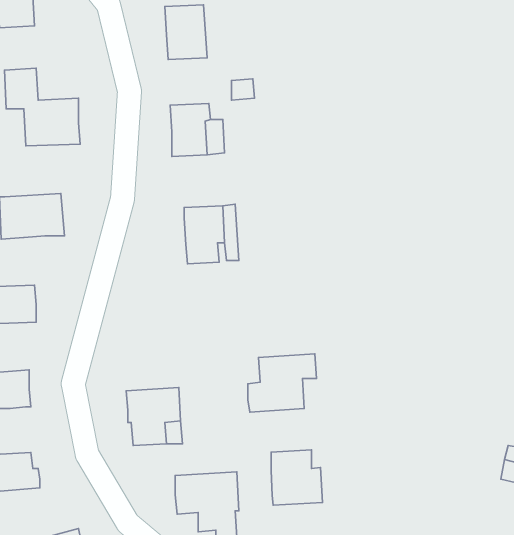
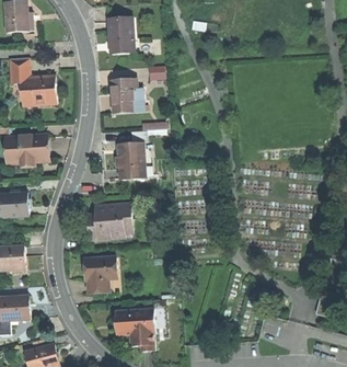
building: [248,354,317,412] -> [88,202,130,238]
building: [271,450,322,505] -> none

